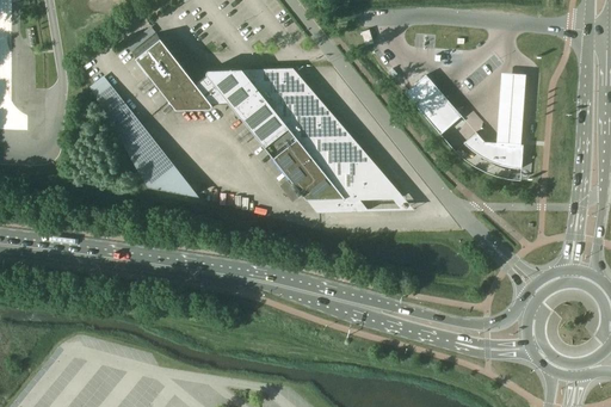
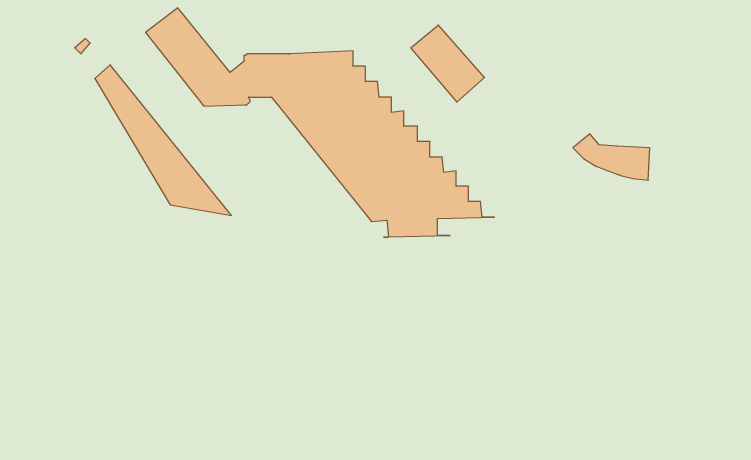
building: [496,69,526,142] -> none
building: [403,75,461,135] -> [411,25,485,102]

